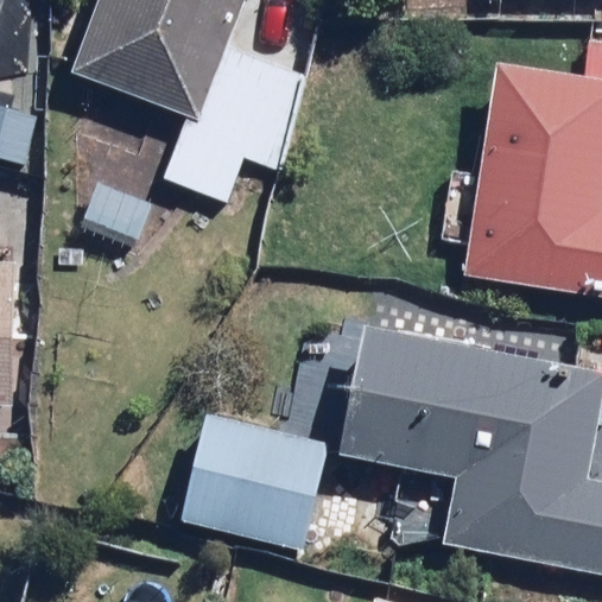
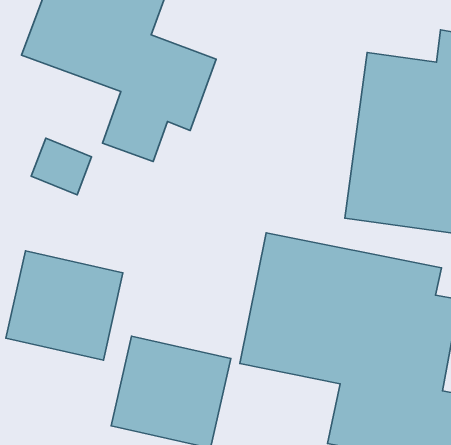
building: none -> [6,251,123,360]

